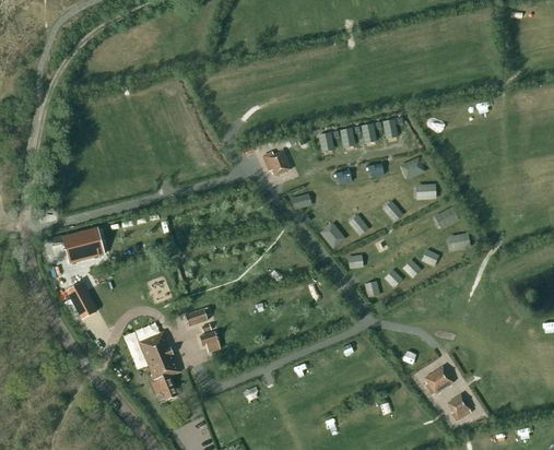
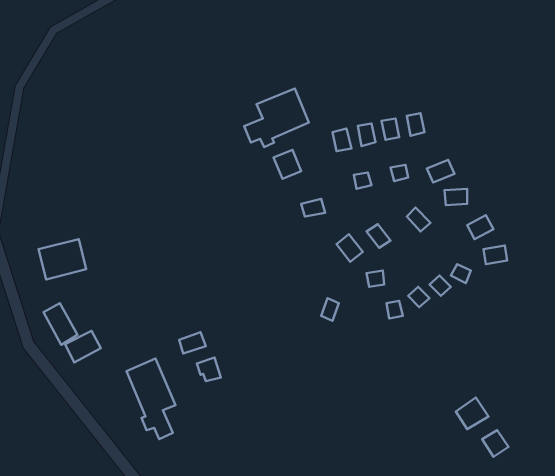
building: none -> [244,88,309,147]
building: none -> [65,331,101,362]

